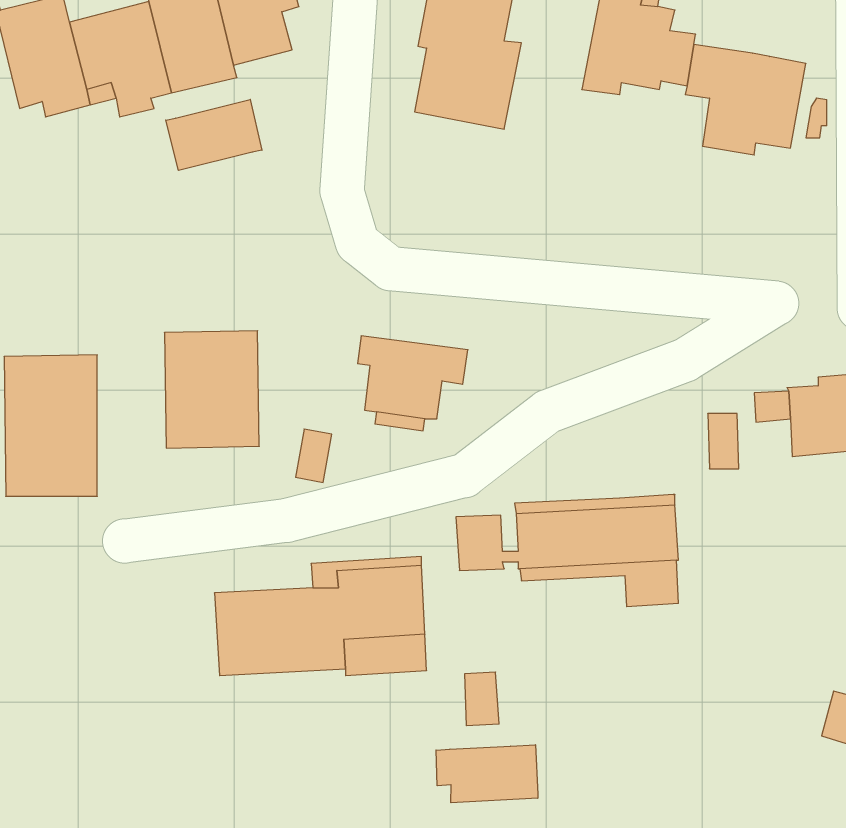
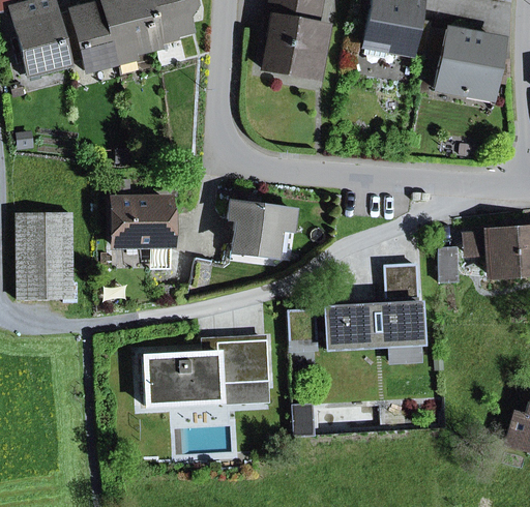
building: [166,99,262,170] -> none
building: none -> [384,264,418,299]
building: [436,745,538,803] -> none

